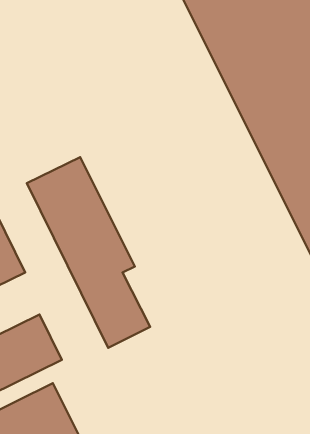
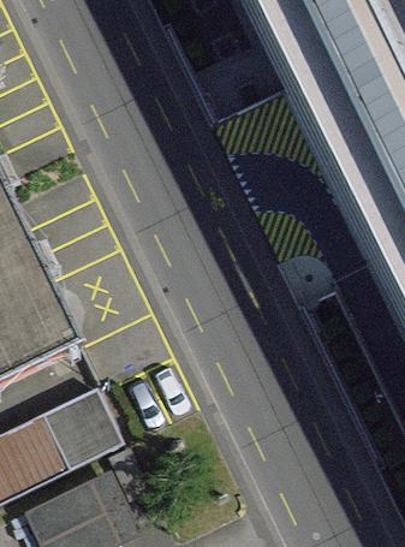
building: [27,157,150,348] -> none

